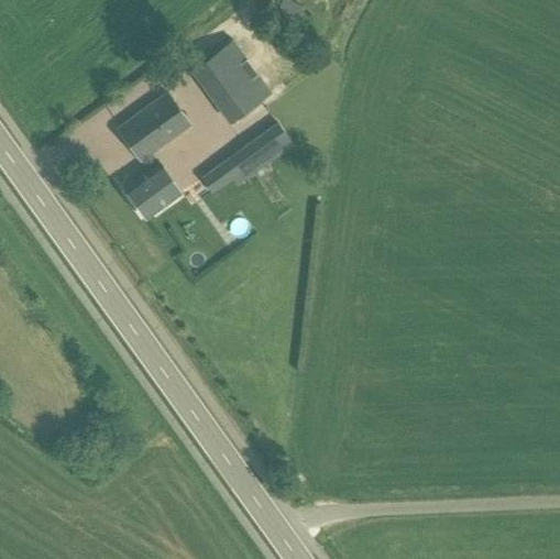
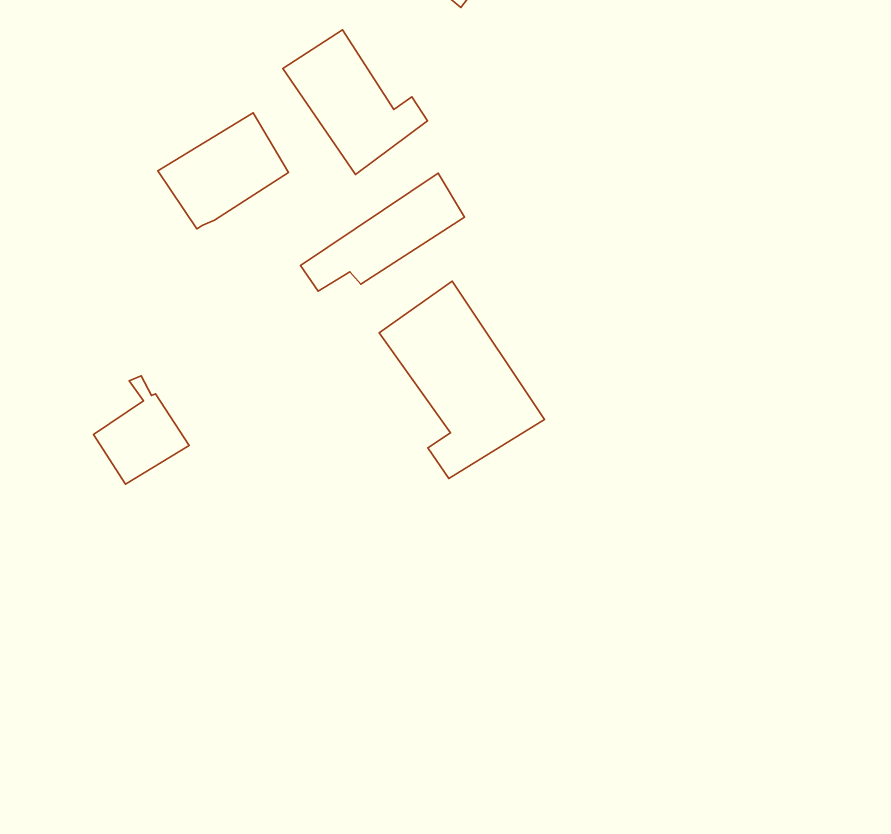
building: [125,155,180,218] -> [94,376,189,484]
building: none -> [379,281,545,479]

